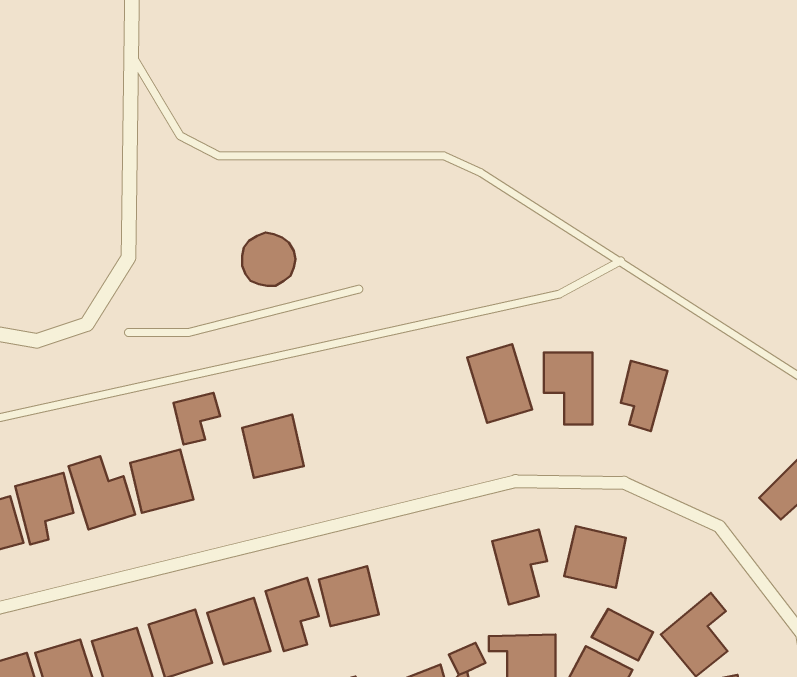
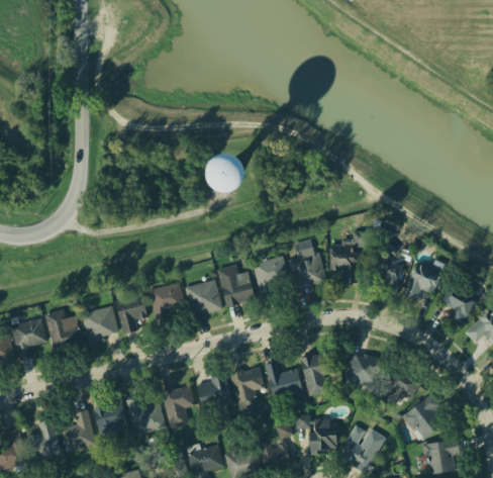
building: [242,232,295,286] -> [209,159,241,191]
building: none -> [253,254,292,296]
building: none -> [401,261,439,301]
building: none -> [218,263,255,307]
building: [173,393,220,445] -> [117,303,145,334]
building: none -> [185,279,223,317]
building: none -> [440,284,476,324]
building: none -> [267,360,303,395]
building: none -> [227,362,267,413]
building: [591,609,653,660] -> [382,370,419,401]

